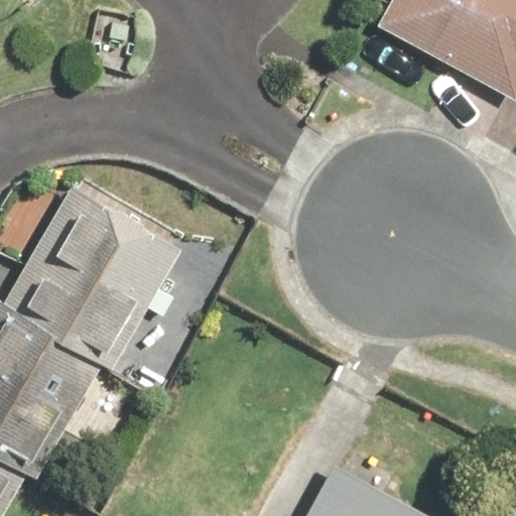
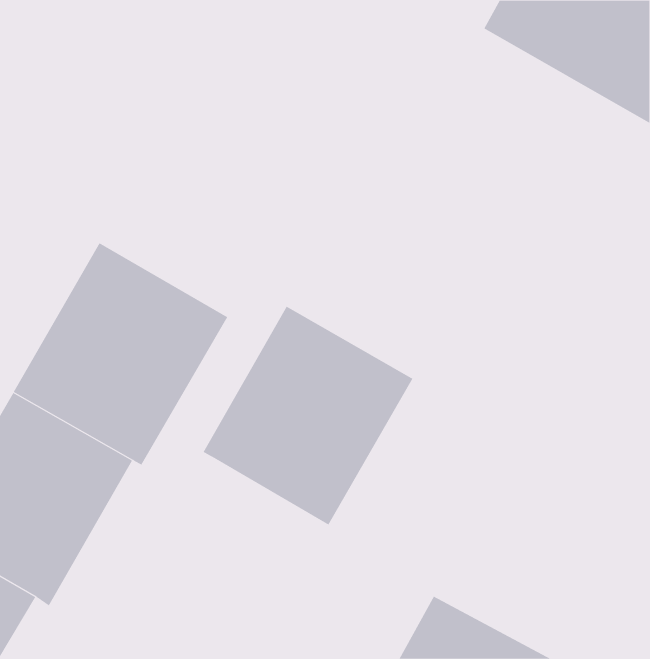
building: none -> [203,306,413,526]

